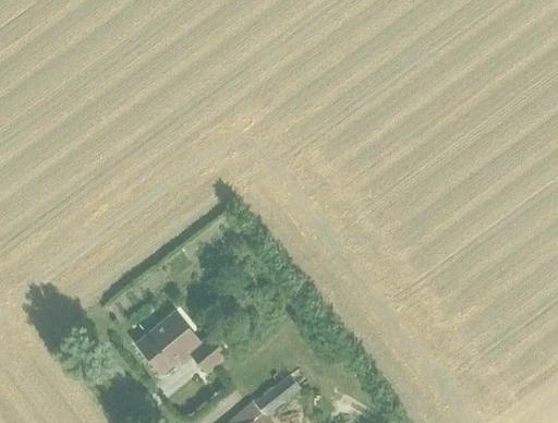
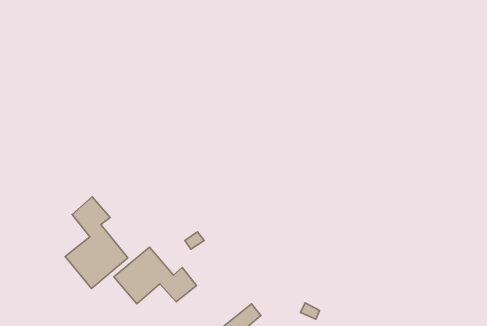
building: none -> [65,197,128,288]

